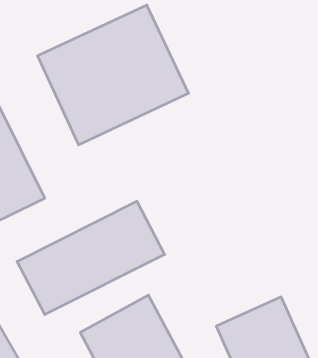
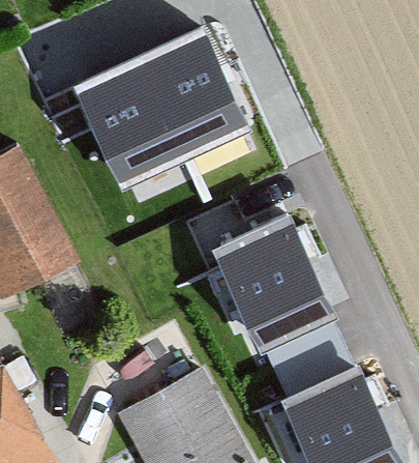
building: none -> [211,221,333,357]
building: [17,201,165,315] -> none

